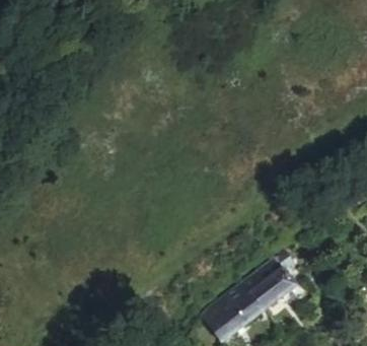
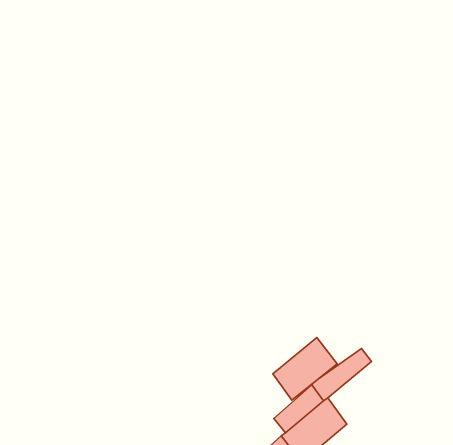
building: [249,266,294,309] -> [273,337,337,400]

